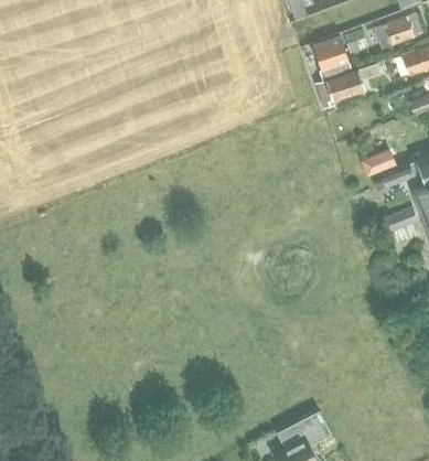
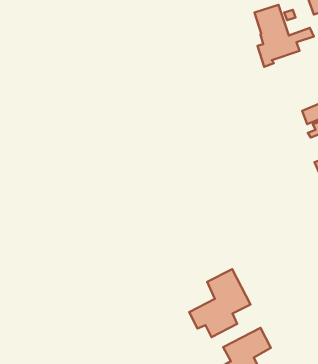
building: none -> [189,269,250,337]

